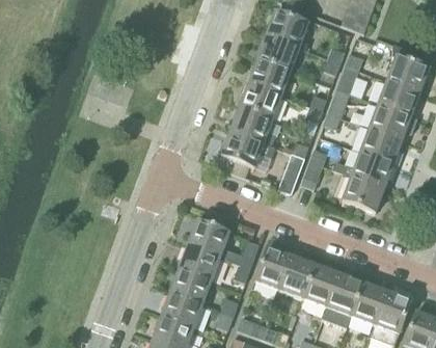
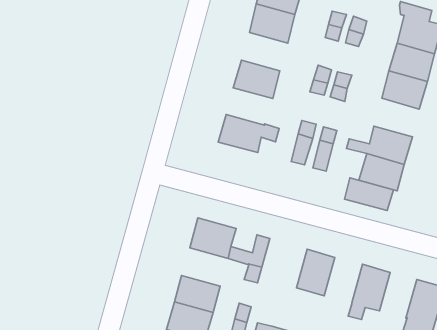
building: [248,59,291,96] -> none
building: [230,107,273,142] -> none
building: [360,128,402,164] -> none
building: none -> [345,178,393,211]
building: [179,245,221,282] -> none
building: [255,247,292,289] -> none
building: [303,265,339,306] -> none
building: [351,283,386,324] -> none

